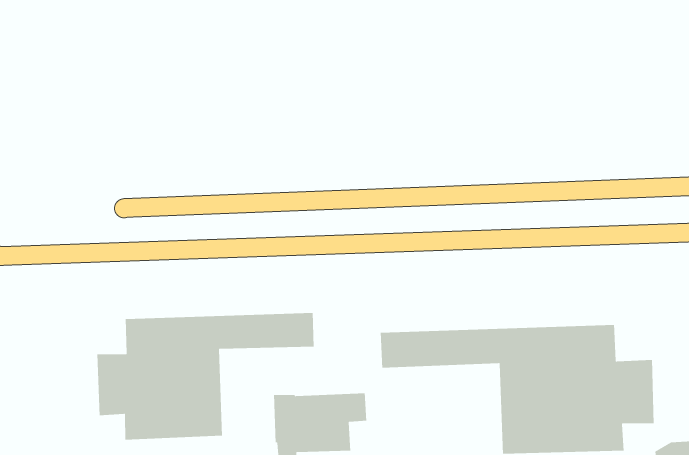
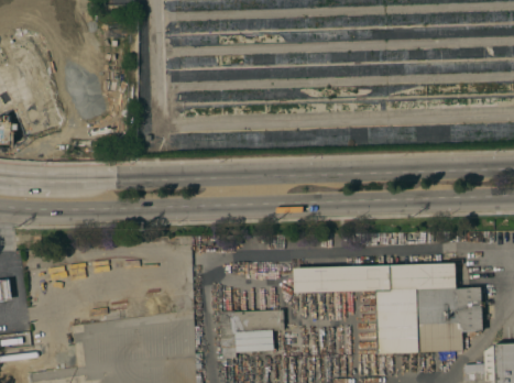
building: [96,312,314,440] -> none

